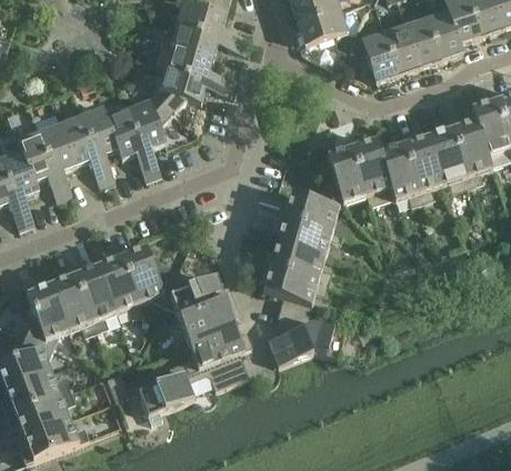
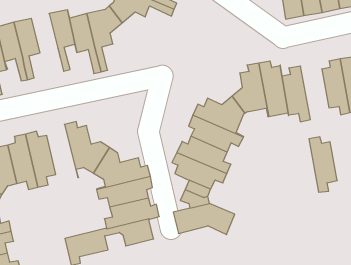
building: [59,114,108,187] -> none
building: [401,132,443,201] -> [309,137,337,192]
building: [98,249,143,317] -> none

